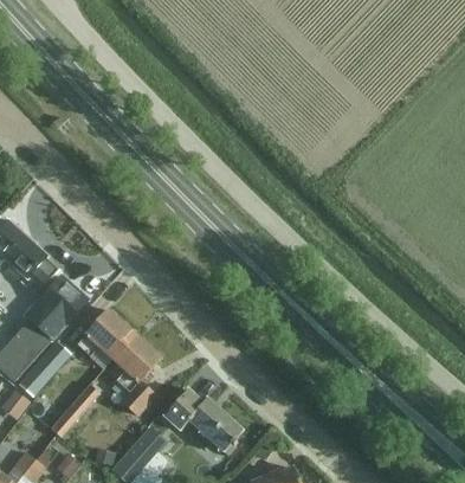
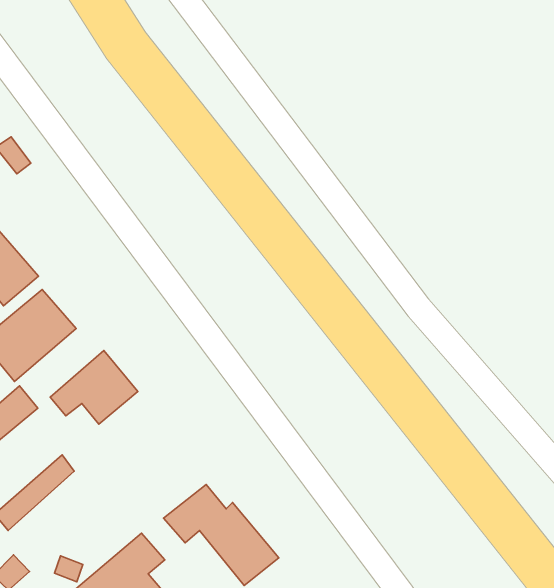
building: [111,334,160,414] -> none

